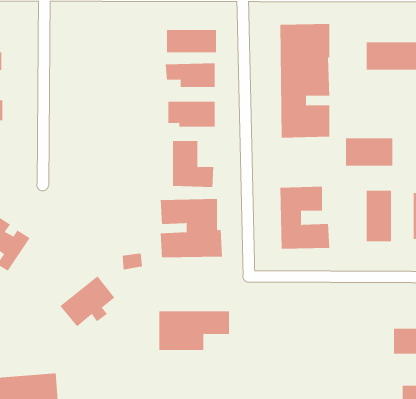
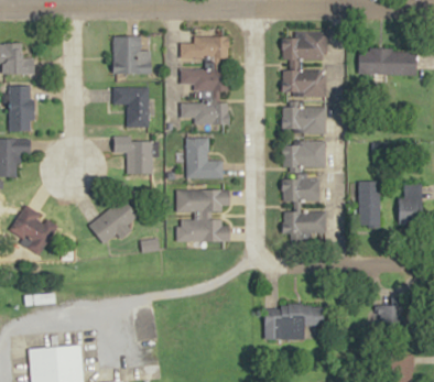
building: none -> [111,36,152,74]
building: none -> [112,88,149,127]
building: [345,138,393,166] -> [282,142,325,167]
building: none -> [115,135,158,177]
building: [60,275,115,327] -> [88,196,138,242]
building: [158,311,230,351] -> [264,305,328,340]

